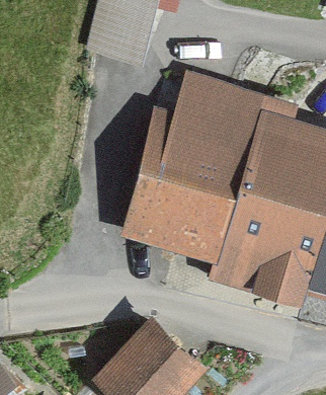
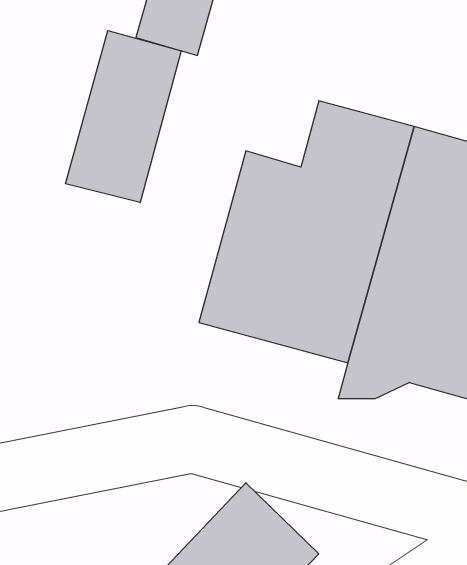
building: none -> [65,31,181,203]

